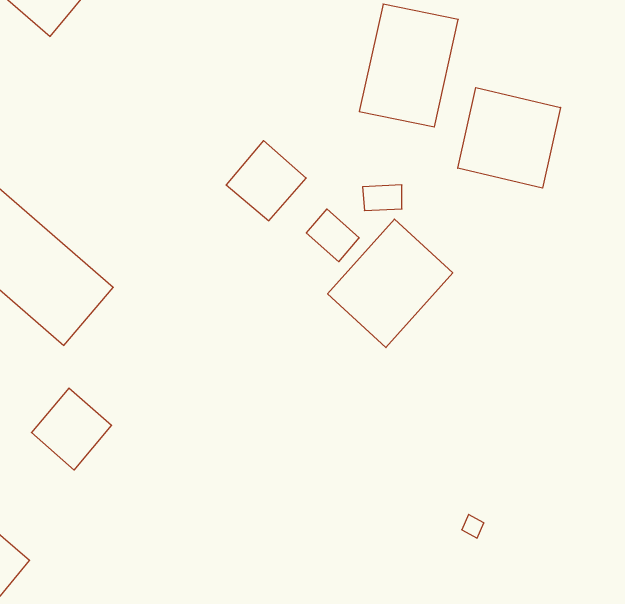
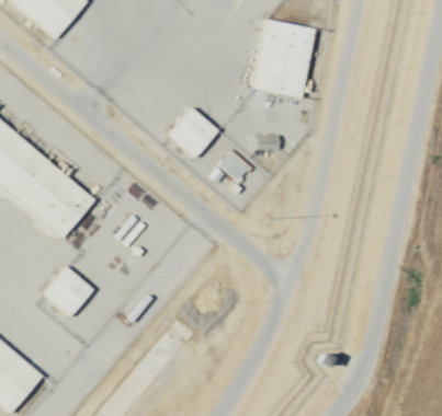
building: [458,88,561,188] -> none
building: [328,219,453,348] -> none

